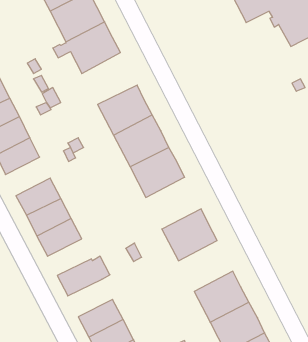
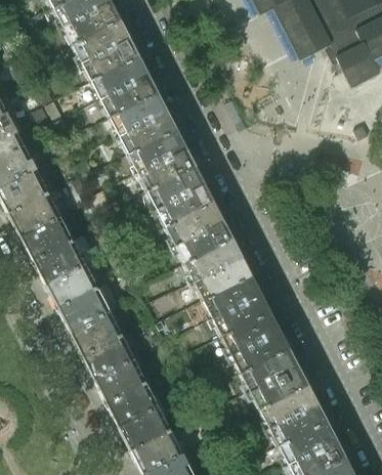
building: none -> [112,94,176,155]
building: none -> [23,216,75,261]
building: none -> [186,240,251,300]
building: none -> [72,311,123,354]
building: none -> [224,313,288,373]
building: none -> [95,358,147,402]

